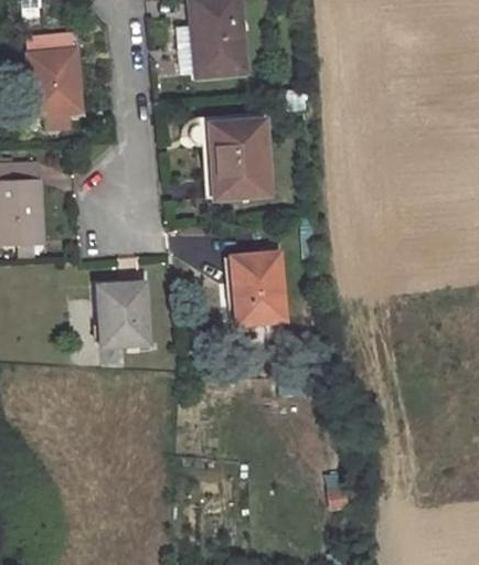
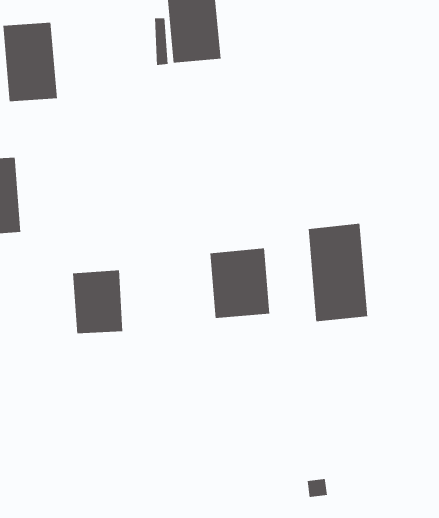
building: [188,117,265,196] -> none
building: none -> [308,223,368,322]

